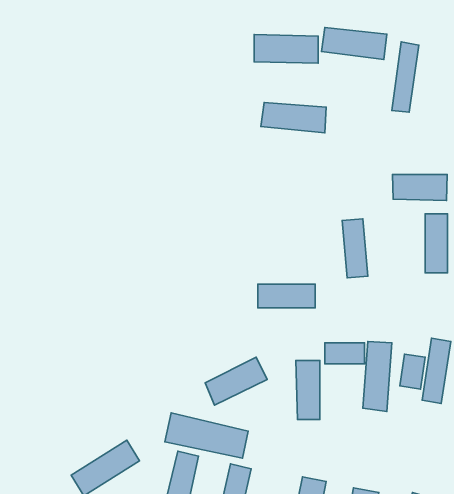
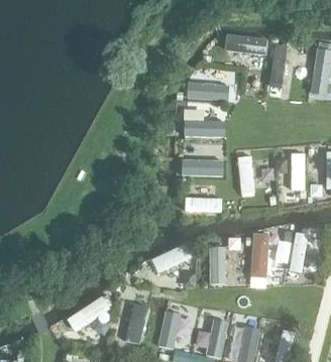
building: [254,35,318,63] -> [184,120,224,138]
building: [393,174,447,200] -> none
building: none -> [182,158,223,176]
building: [165,413,248,458] -> none

